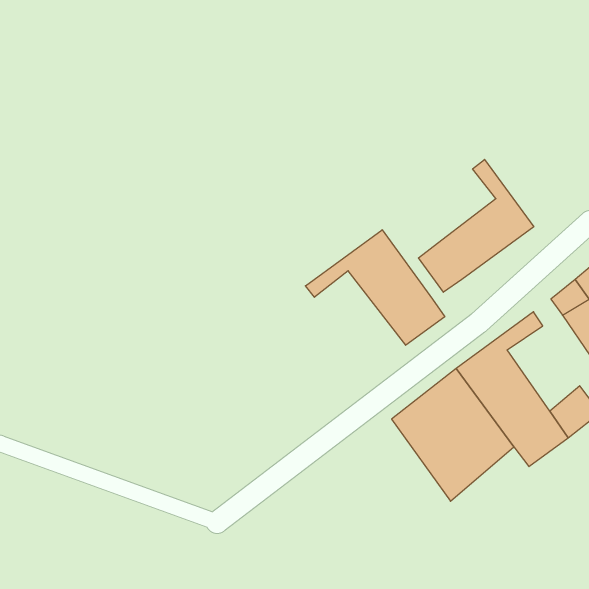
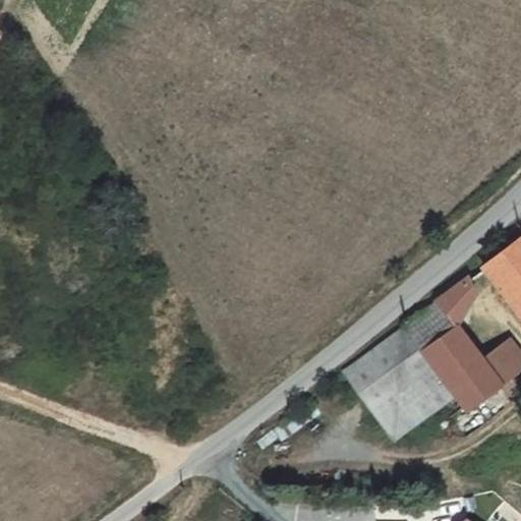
building: [418,159,534,292] -> none
building: [305,230,445,345] -> none

